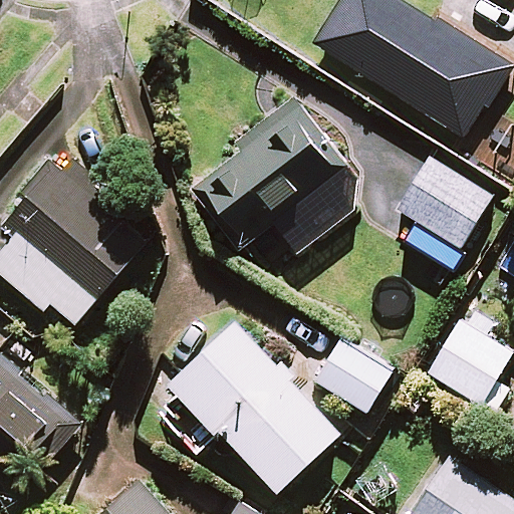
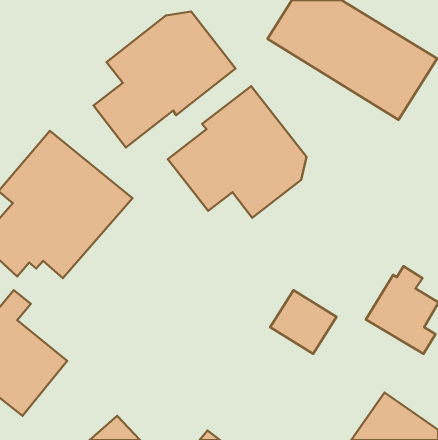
building: none -> [93,11,236,148]
building: [393,156,493,250] -> none
building: [152,325,338,493] -> none

